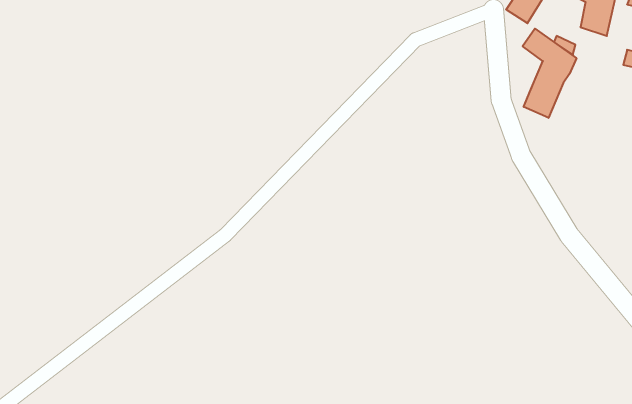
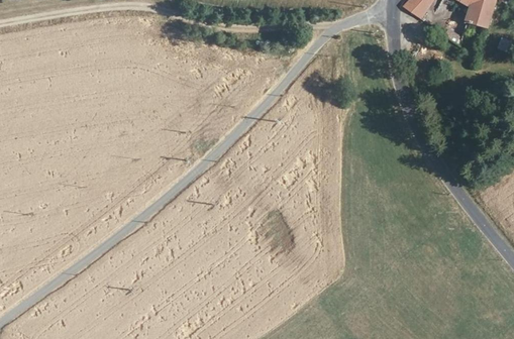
building: [523,29,576,118] -> none

